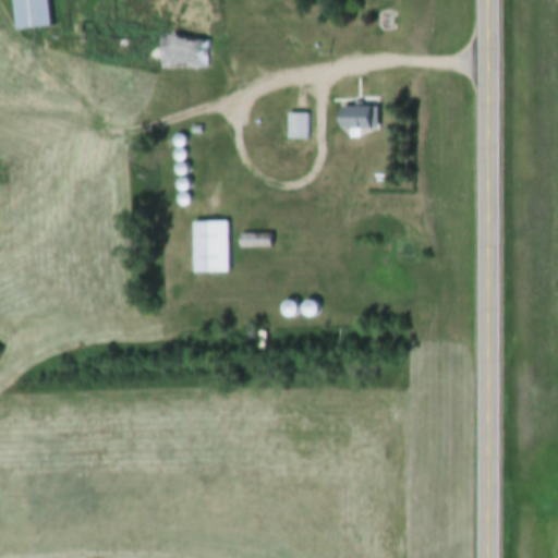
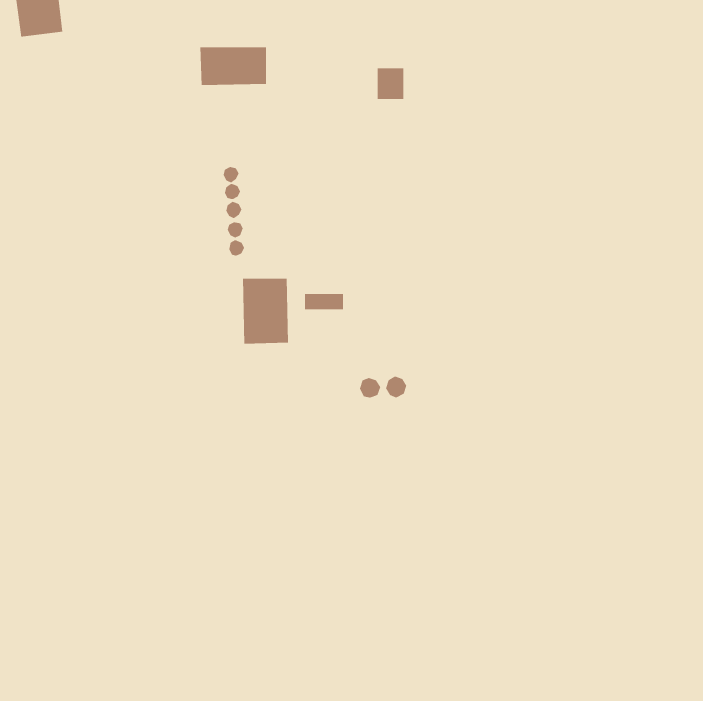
building: [341,106,369,128] -> none
building: [288,111,310,136] -> [377,68,404,99]

